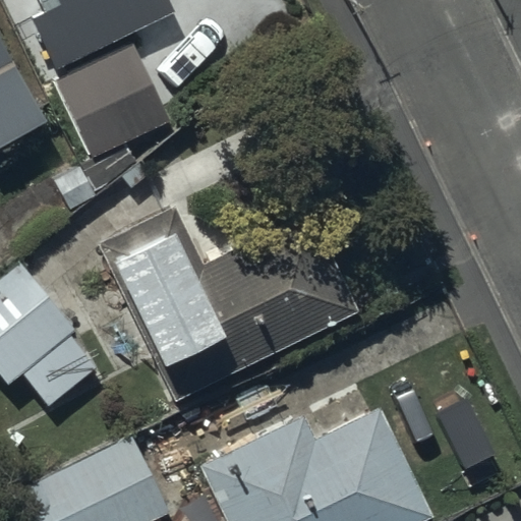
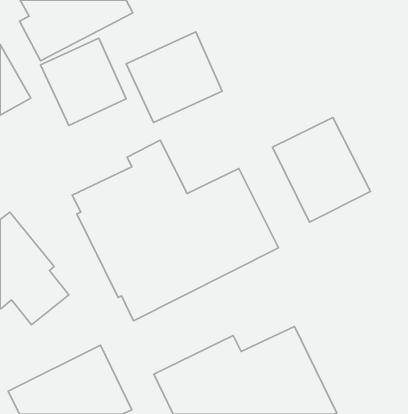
building: none -> [126,32,222,122]
building: none -> [273,117,370,222]

